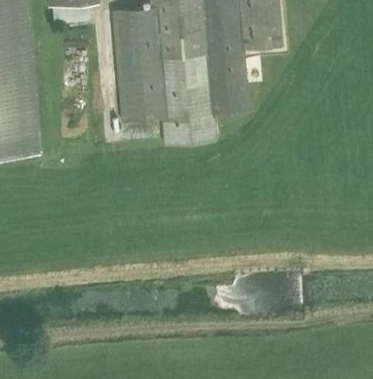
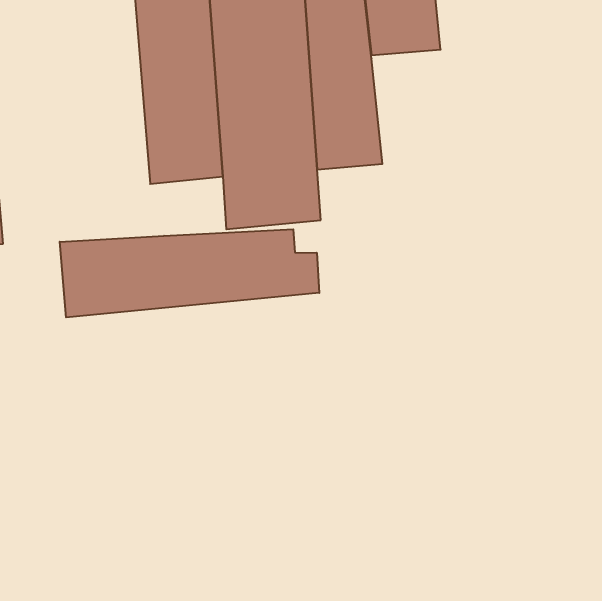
building: none -> [60,229,319,317]

